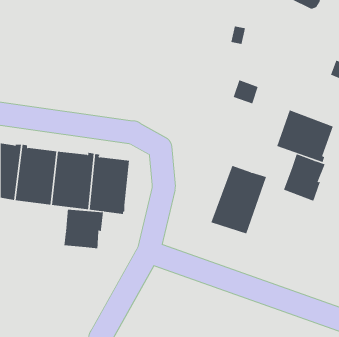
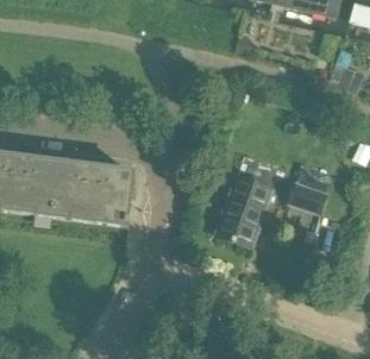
building: [277,110,334,163] -> none
building: [64,209,103,249] -> none

